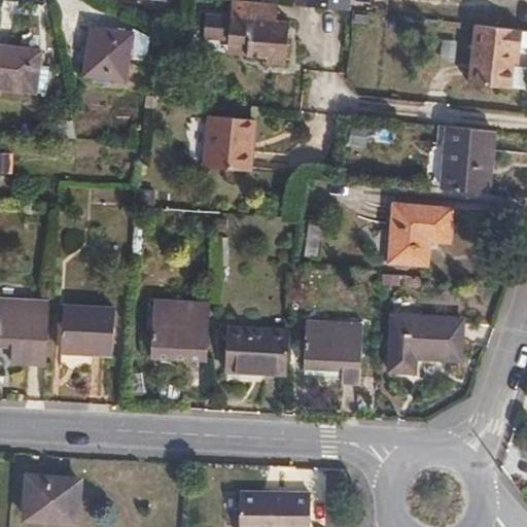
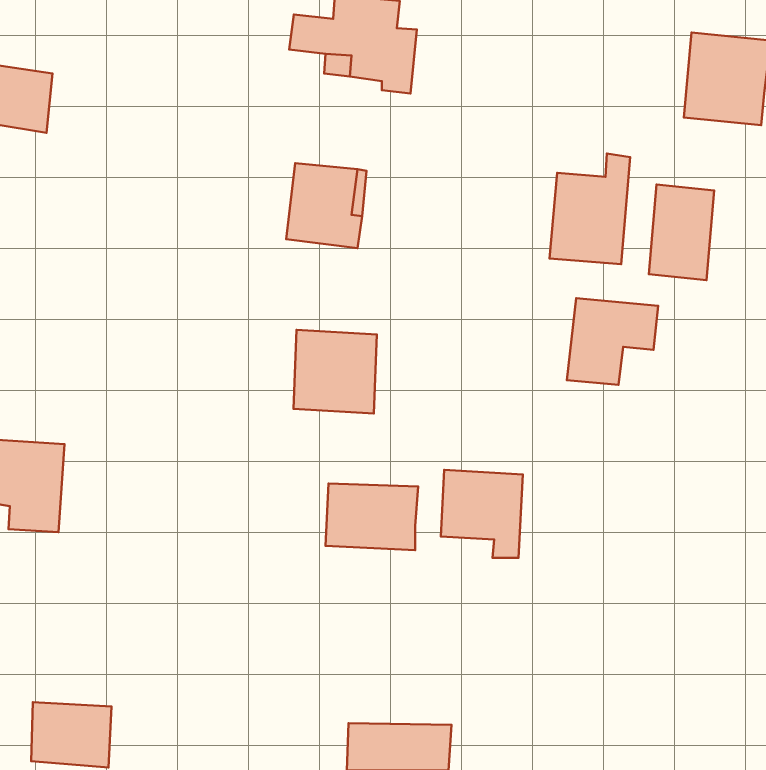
building: [84,33,132,86] -> none
building: none -> [550,153,630,264]
building: [152,301,209,357] -> [293,330,377,413]
building: [60,307,111,355] -> none
building: [387,316,459,374] -> none

